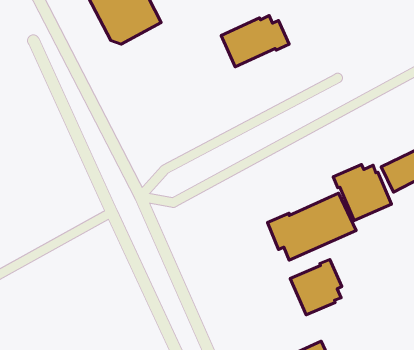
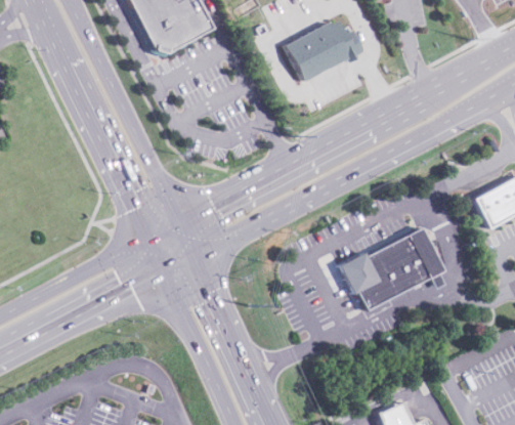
building: [333,164,392,221] -> none
building: [290,259,342,315] -> none

